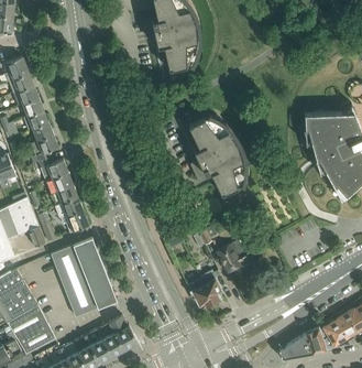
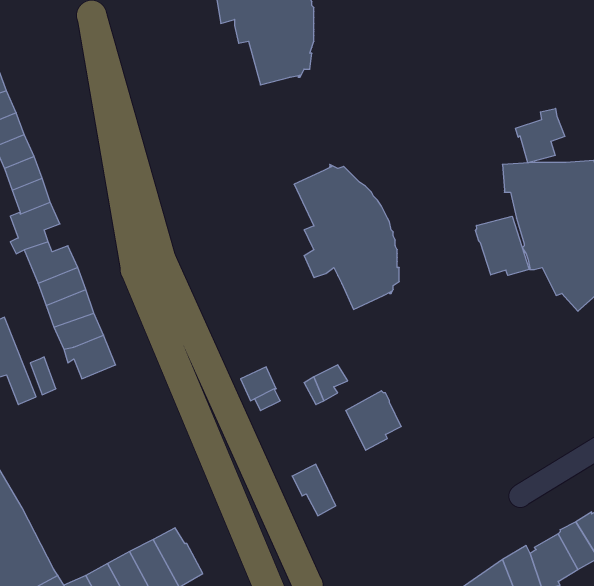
building: none -> [516,108,565,163]
building: none -> [476,216,529,275]
building: [51,238,117,317] -> none
building: [199,271,222,304] -> none

